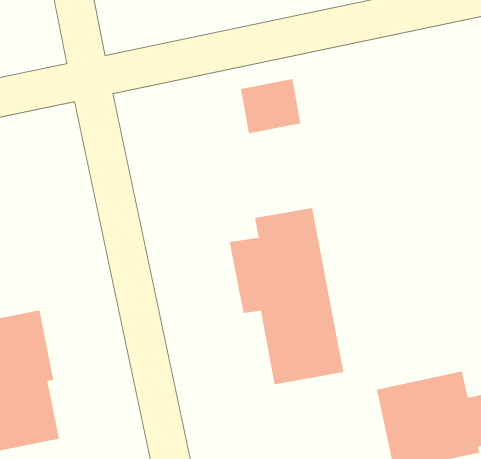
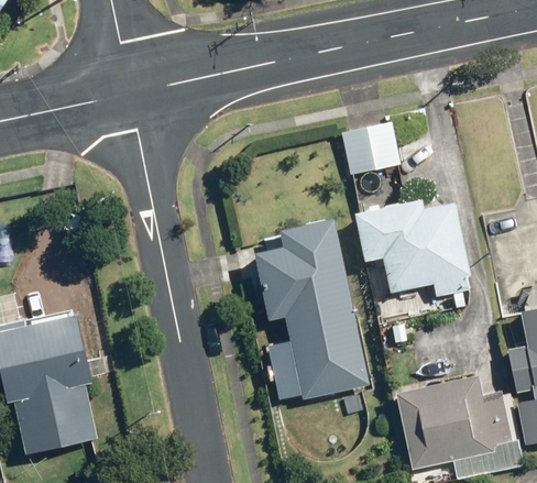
building: [240,78,301,134] -> [340,123,398,176]
building: none -> [355,198,474,297]

